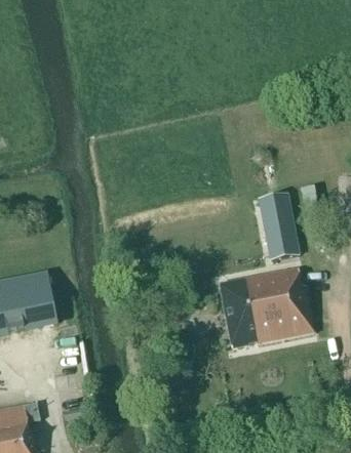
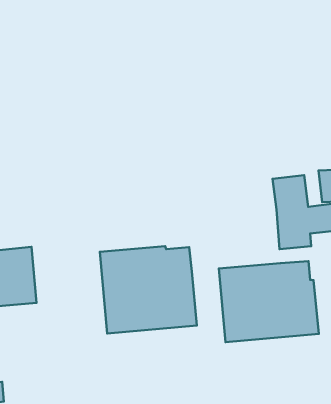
building: none -> [100,246,197,333]

